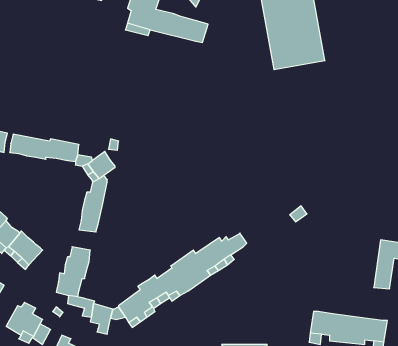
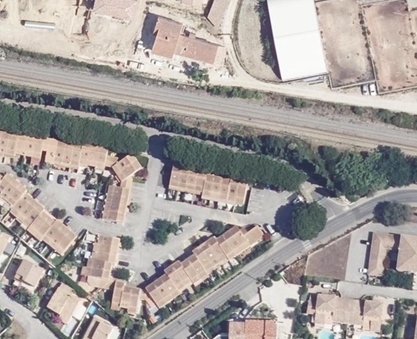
building: none -> [171,163,247,196]

